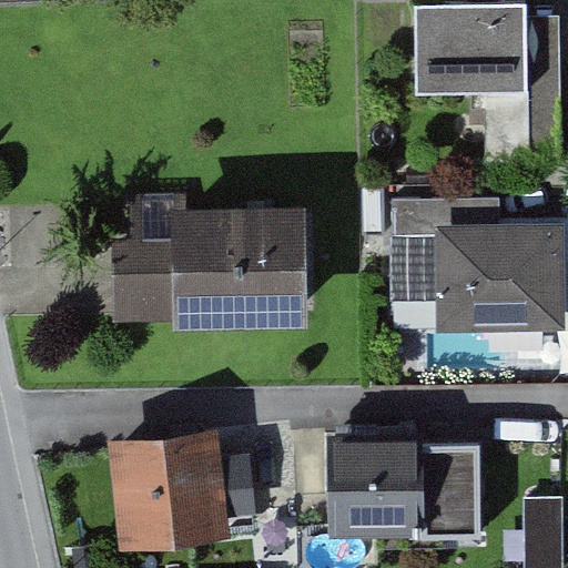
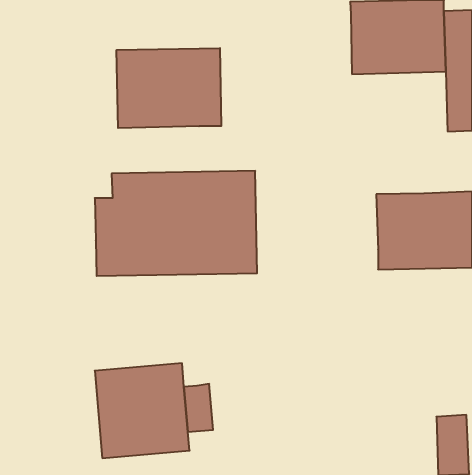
building: none -> [117,48,221,128]
building: [394,201,501,302] -> none
building: [332,445,479,538] -> none

